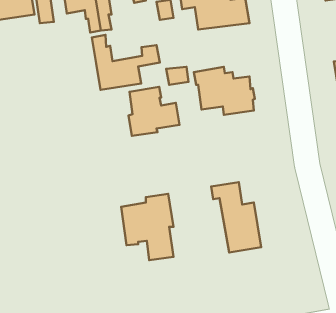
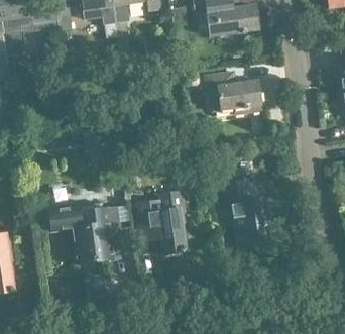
building: [92,35,160,90] -> none
building: [129,87,180,136] -> none
building: none -> [49,204,124,265]

